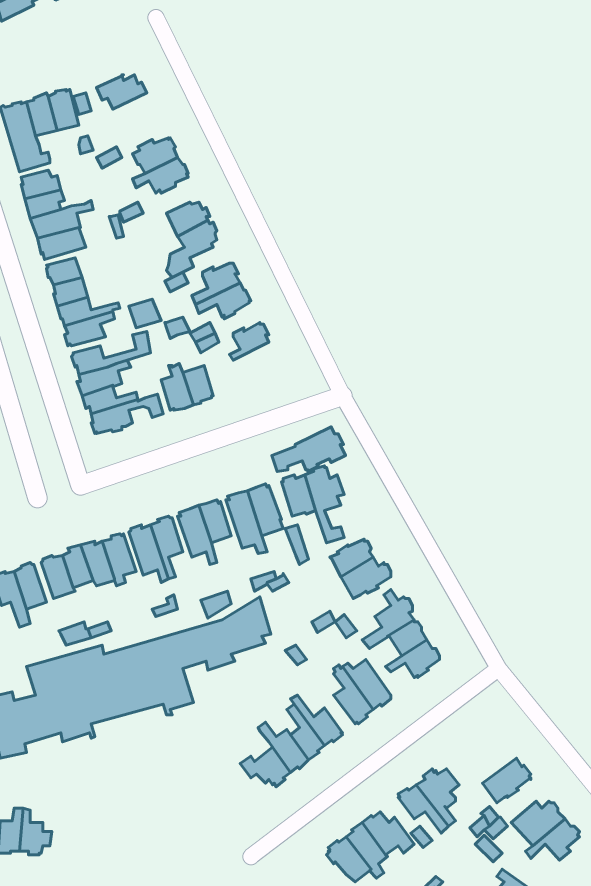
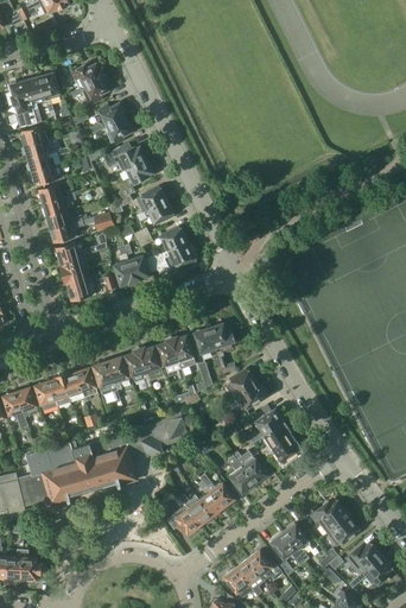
building: none -> [70,75,110,101]
building: [272,427,345,472] -> [146,240,195,270]
building: none -> [309,499,349,532]

